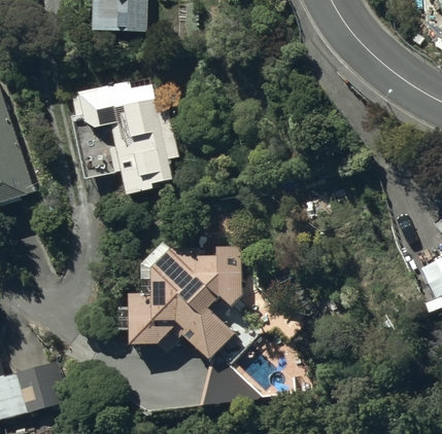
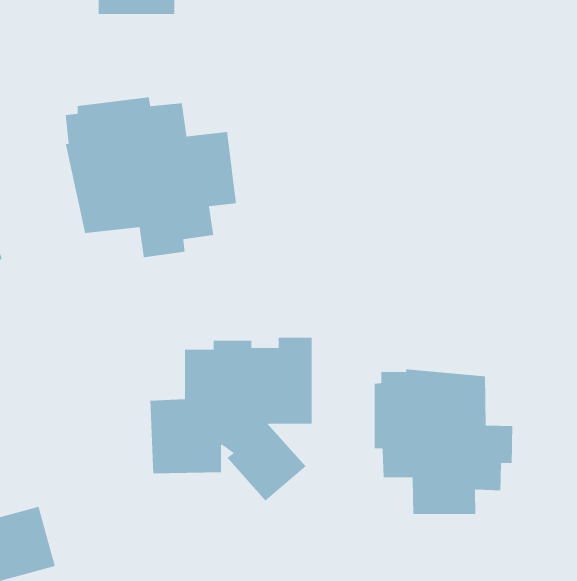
building: none -> [374,368,513,515]

